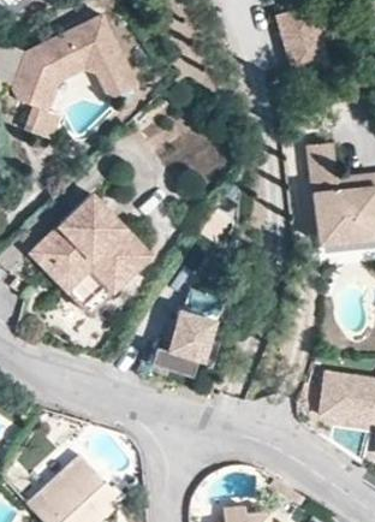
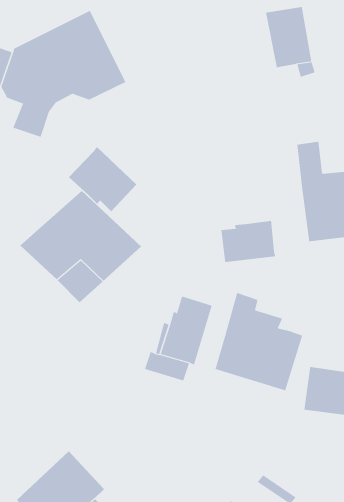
building: none -> [68,146,137,212]
building: none -> [221,220,276,263]
building: none -> [215,292,303,391]

